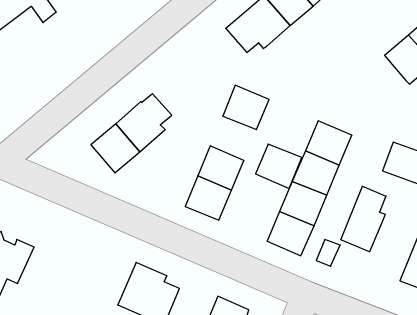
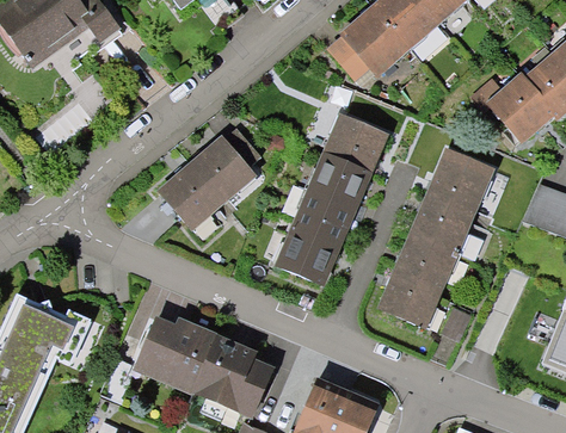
building: none -> [473,79,550,141]
building: [256,144,302,188] -> [308,157,365,212]
building: [341,186,386,252] -> none
building: none -> [136,322,216,391]

